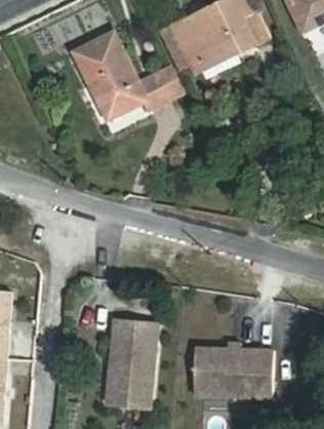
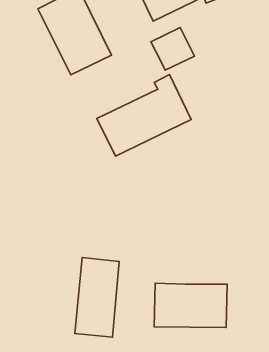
building: [136,64,184,110] -> [151,28,194,70]
building: none -> [97,74,191,156]

